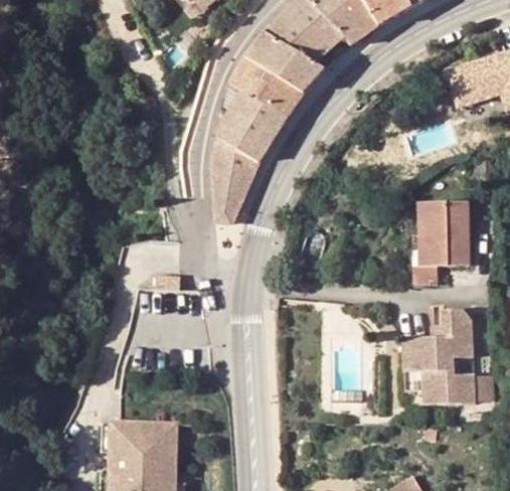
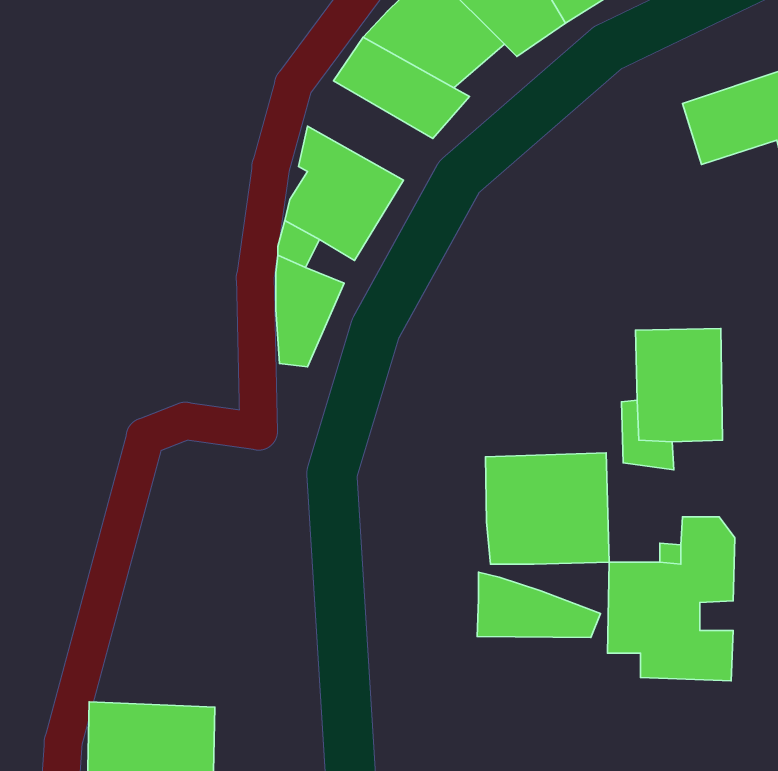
building: [230,59,303,117] -> none
building: none -> [486,453,609,564]
building: none -> [477,572,601,638]

